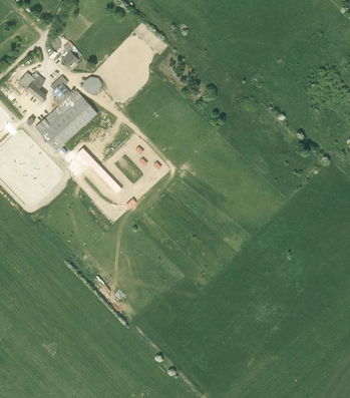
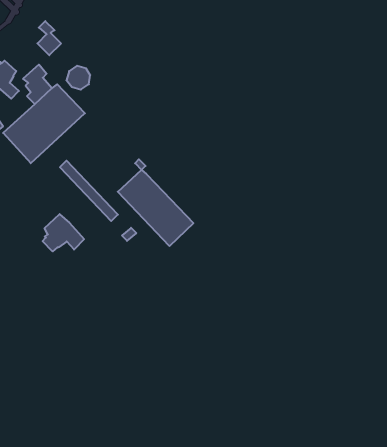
building: none -> [118,170,193,246]
building: none -> [43,214,84,251]

